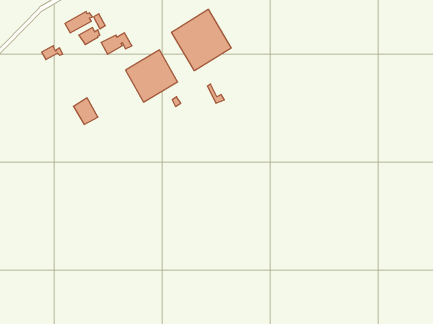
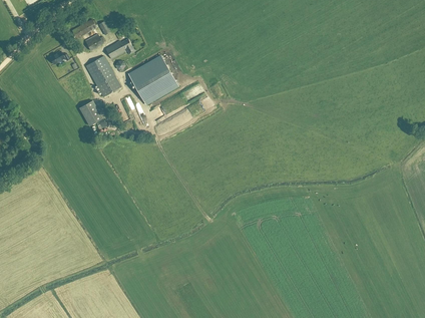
building: [172,9,231,71] -> none
building: none -> [85,55,120,96]

